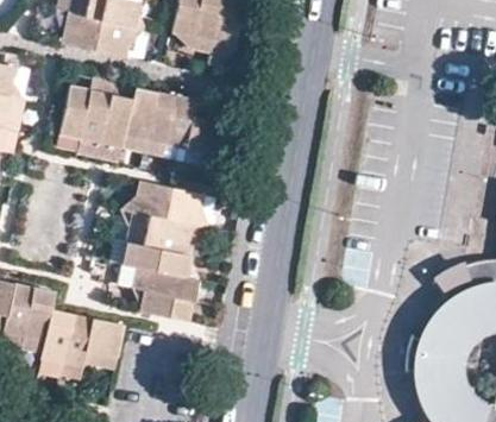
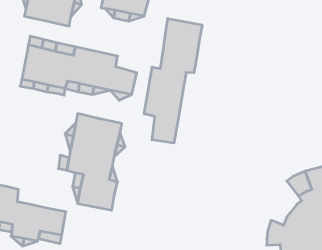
building: none -> [144,18,202,143]

